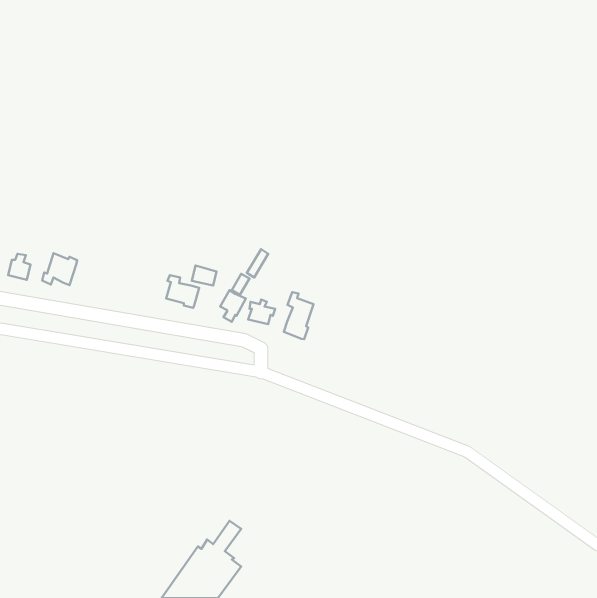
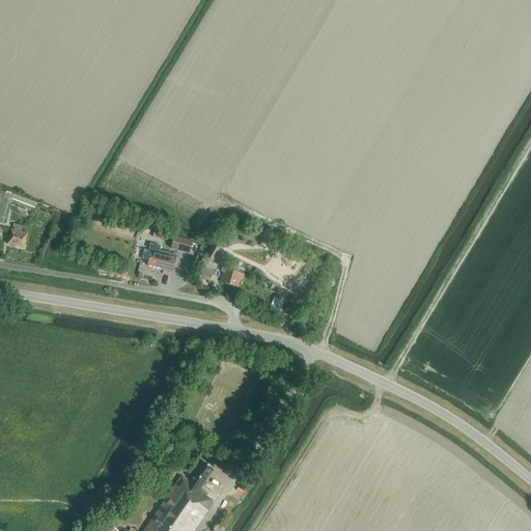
building: [42,253,77,285] -> none
building: [284,292,314,339] -> none

